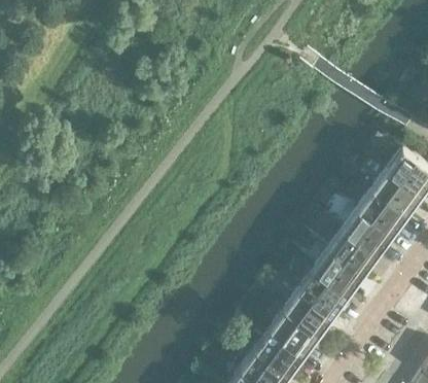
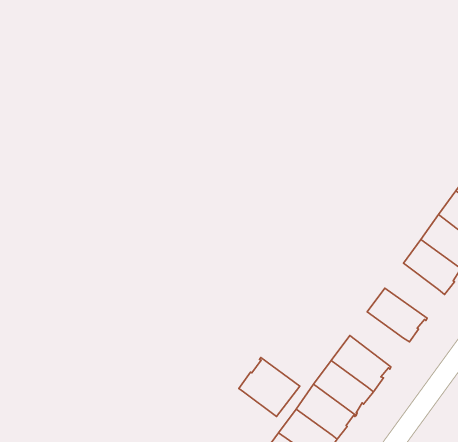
building: [327,233,377,278] -> none
building: [298,273,348,318] -> none
building: none -> [239,357,300,417]

